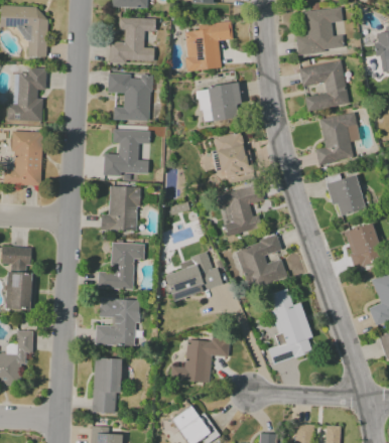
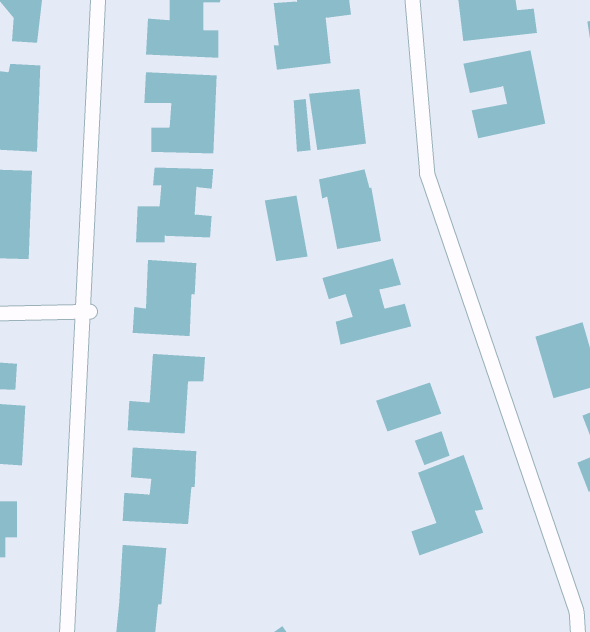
building: [314,112,363,165] -> none
building: none -> [264,195,308,262]
building: [325,174,366,218] -> none
building: [237,234,282,264] -> none
building: [165,251,222,300] -> none
building: [173,337,229,383] -> none

